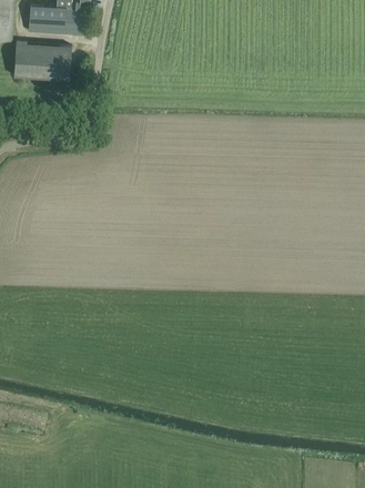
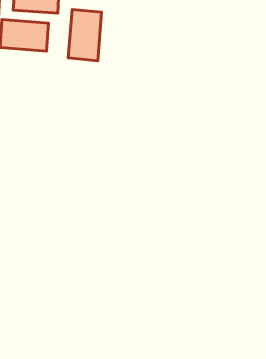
building: none -> [68,10,102,61]

